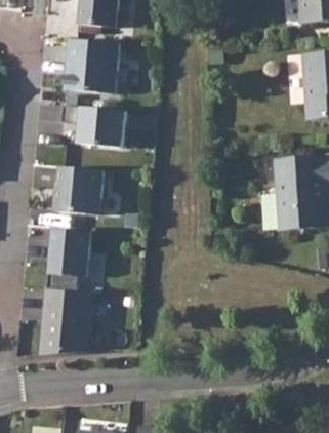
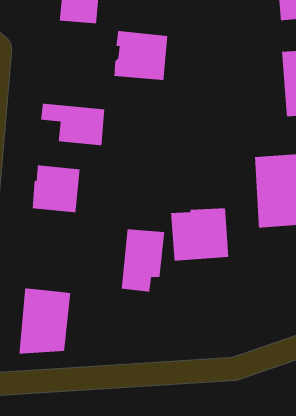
building: [65,38,119,88] -> [114,30,168,81]
building: none -> [170,208,229,261]
building: [45,228,89,291] -> [121,228,165,292]

